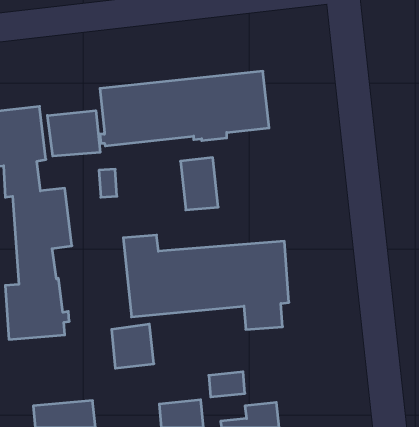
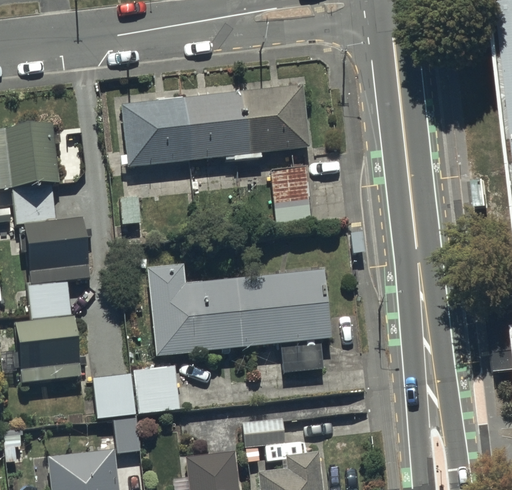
building: [47,111,100,156] -> none
building: [180,158,218,210] -> [270,164,312,222]
building: none -> [94,373,139,453]

